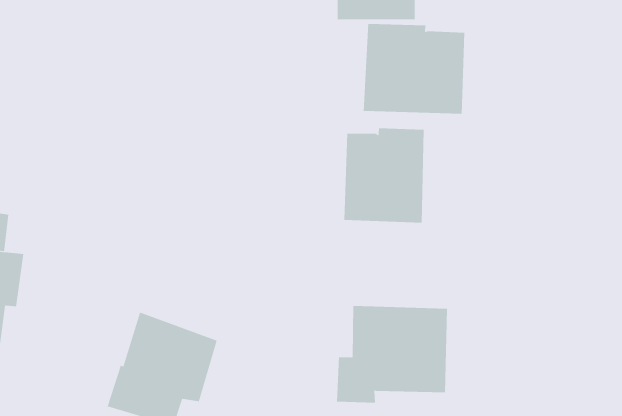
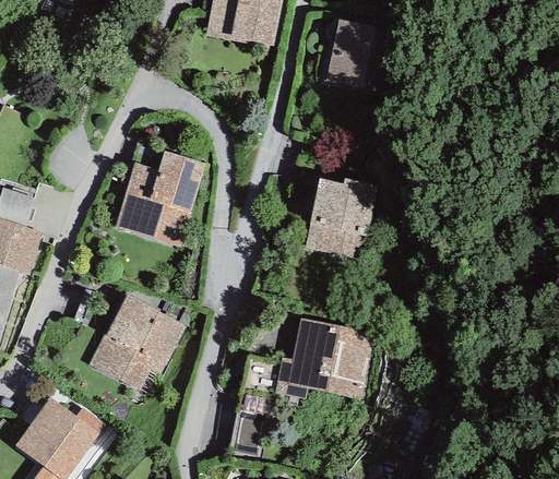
building: [363,23,465,114] -> none
building: none -> [115,152,204,247]

